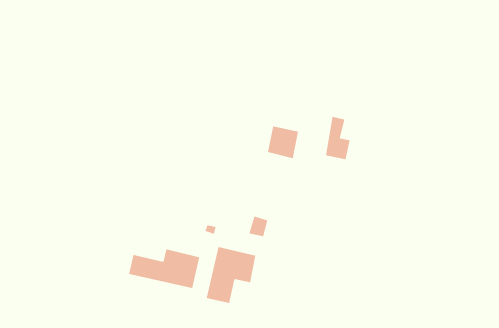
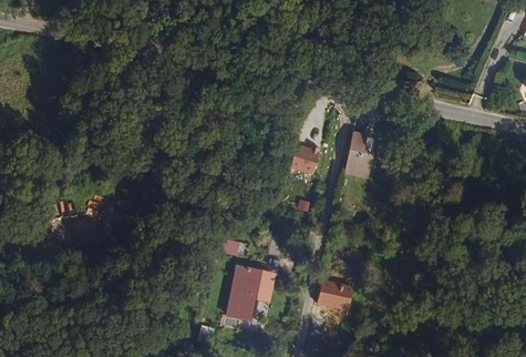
building: [128,248,200,289] -> none
building: none -> [318,279,352,308]

